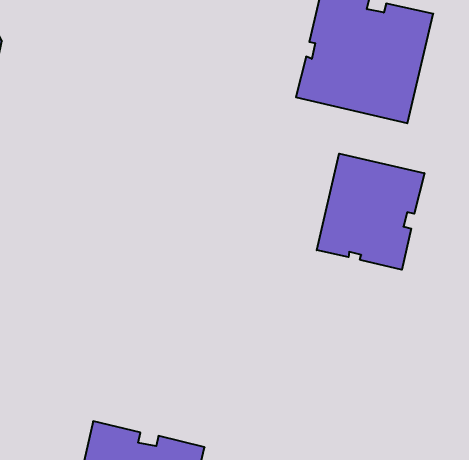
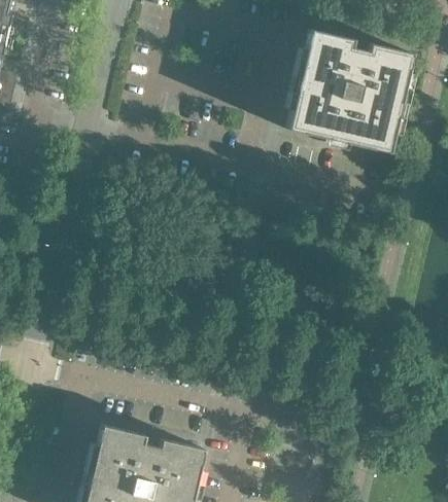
building: [317,154,424,270] -> none

